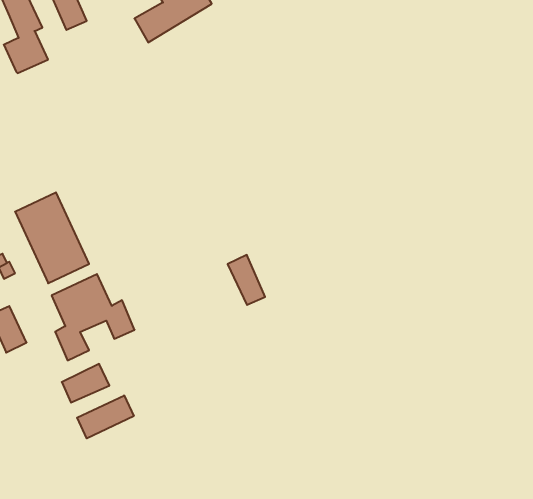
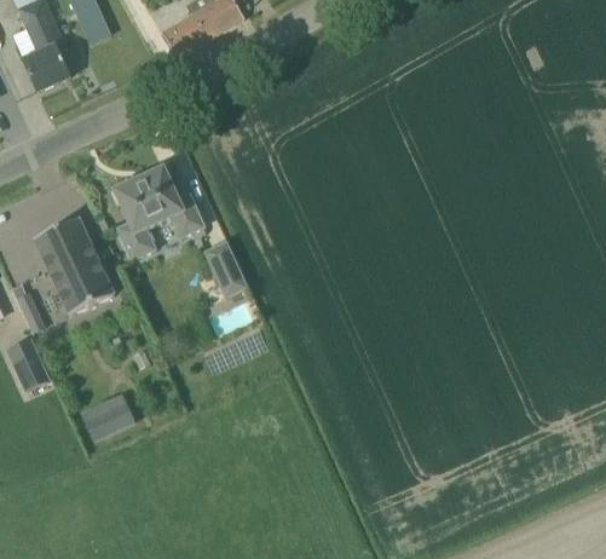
building: [228,255,265,305] -> [204,241,244,294]
building: [52,274,135,360] -> [114,166,202,258]
building: [77,395,134,438] -> none

